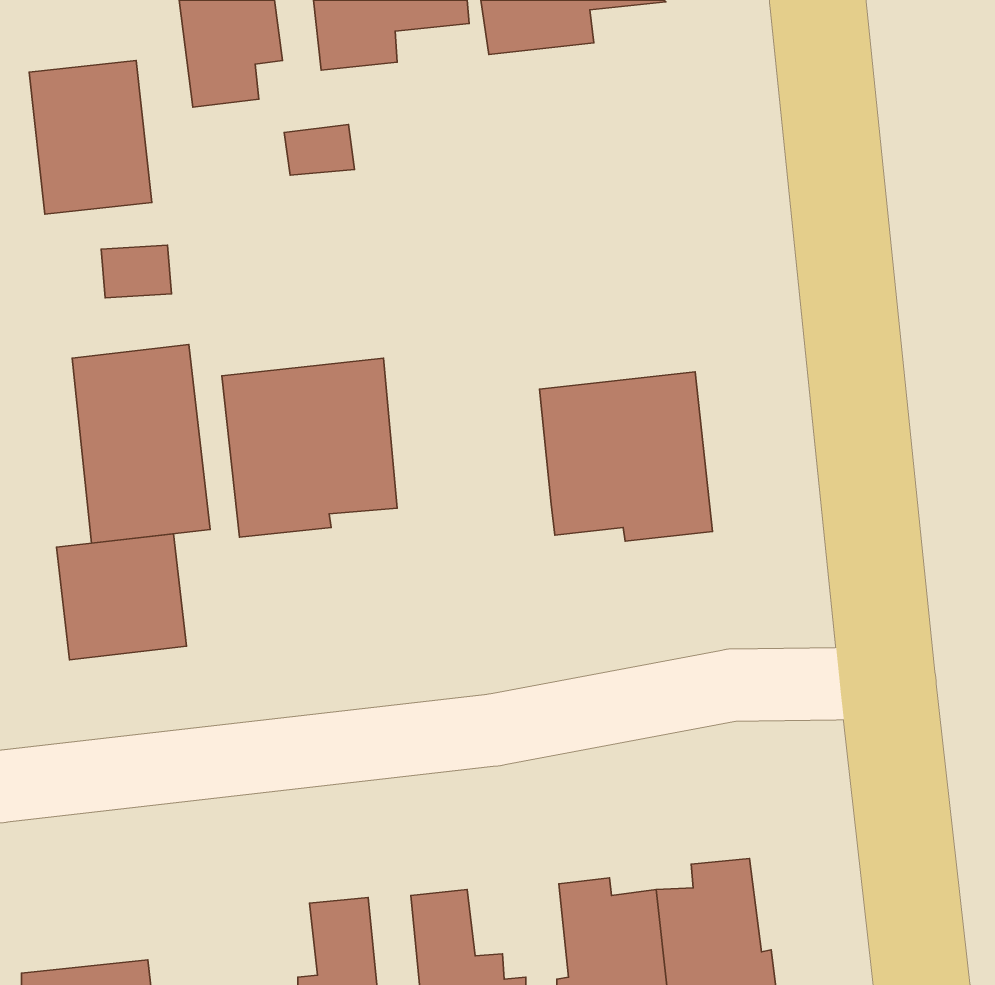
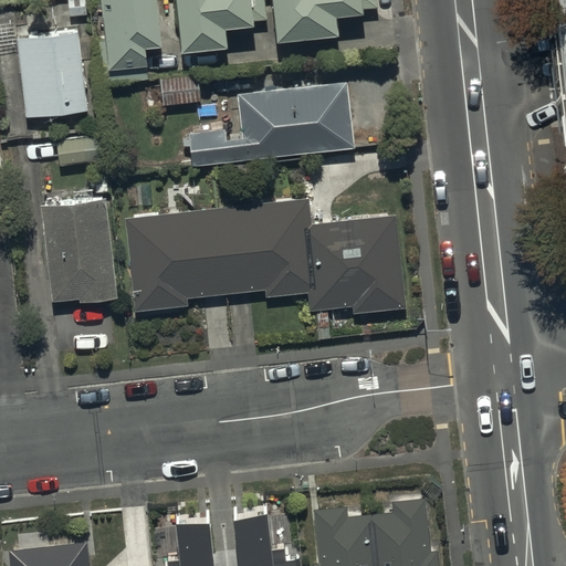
building: none -> [190,82,354,165]
building: none -> [218,200,313,296]
building: [57,534,186,660] -> none

